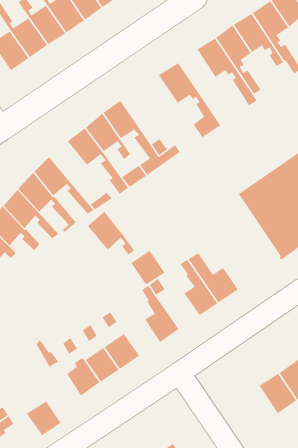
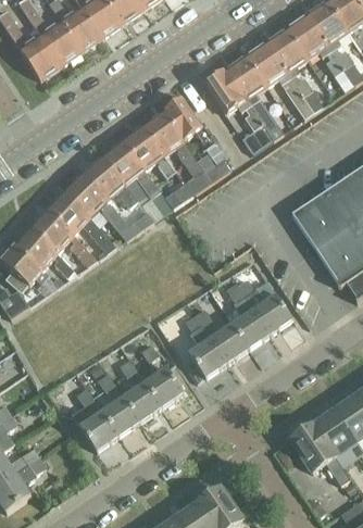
building: none -> [227,54,283,138]
building: none -> [163,96,213,144]
building: [87,211,135,255] -> [85,155,138,204]
building: [130,250,166,286] -> [211,323,250,362]
building: none -> [291,424,350,482]
building: [26,401,61,436] -> [80,411,120,450]

